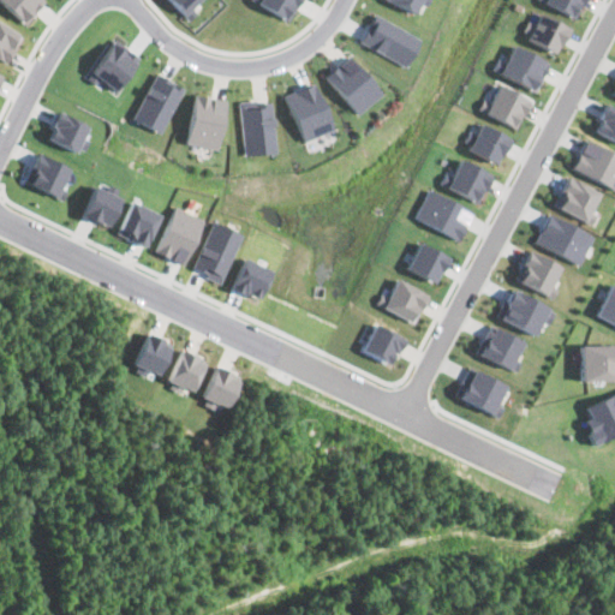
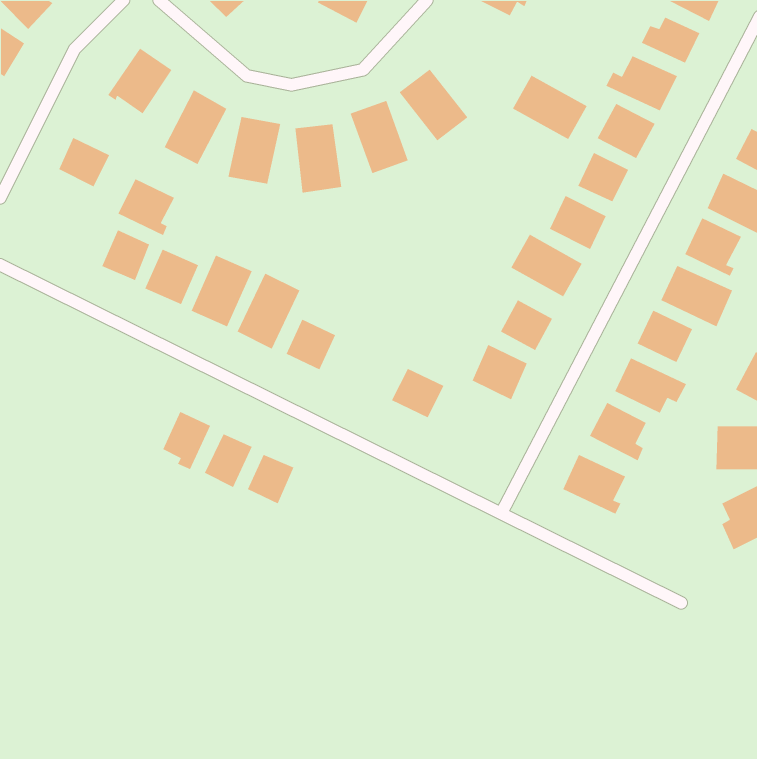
building: [359,14,420,67] -> [512,75,588,140]
building: [26,154,73,201] -> [117,178,175,236]
building: [362,324,405,365] -> [391,368,445,418]

